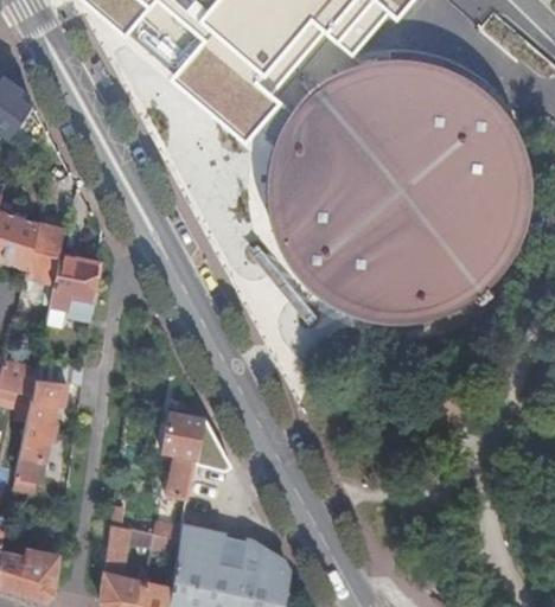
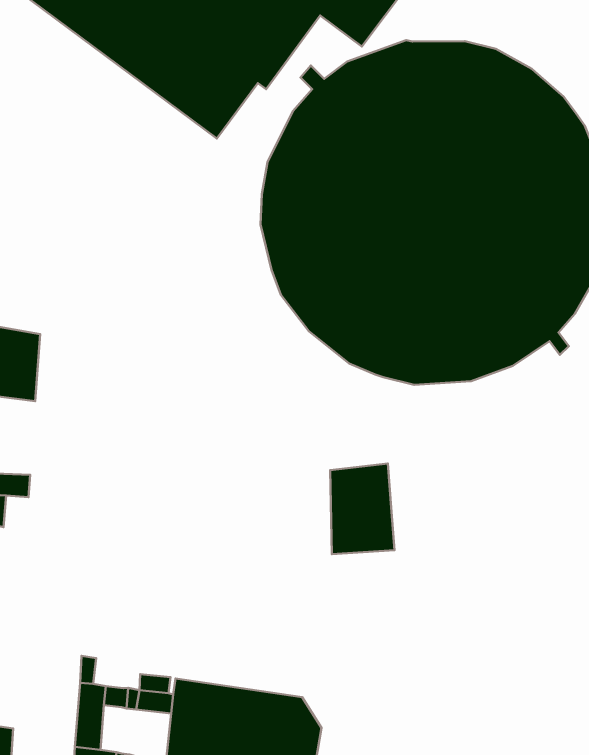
building: none -> [330,463,395,554]
building: [162,410,232,497] -> none

